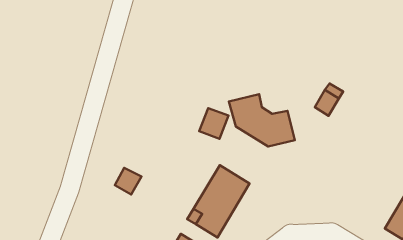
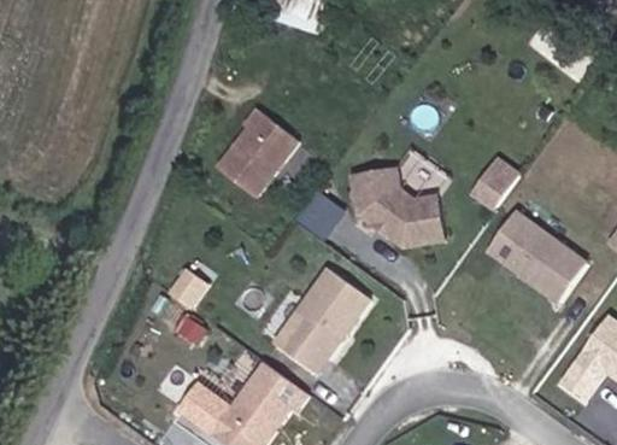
building: none -> [215,109,296,197]
building: none -> [484,212,584,301]

